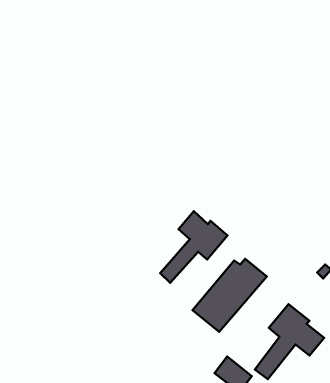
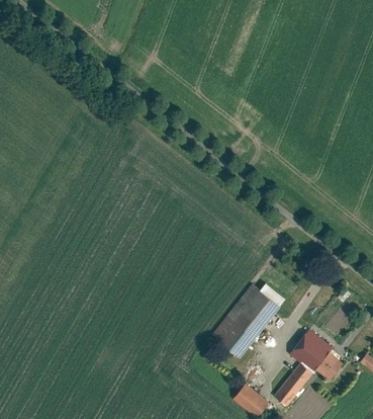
building: [160,211,228,283] -> none

